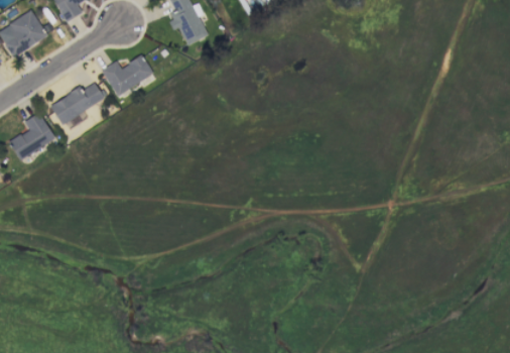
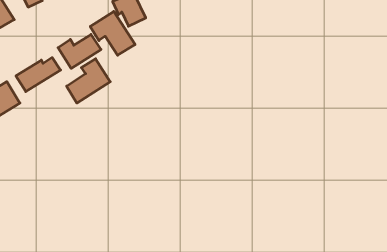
building: none -> [90,11,135,55]
building: none -> [67,59,110,103]

